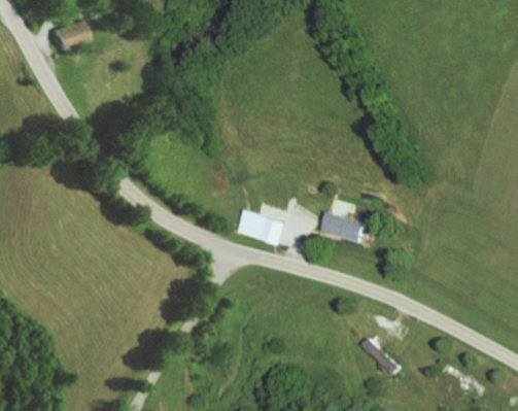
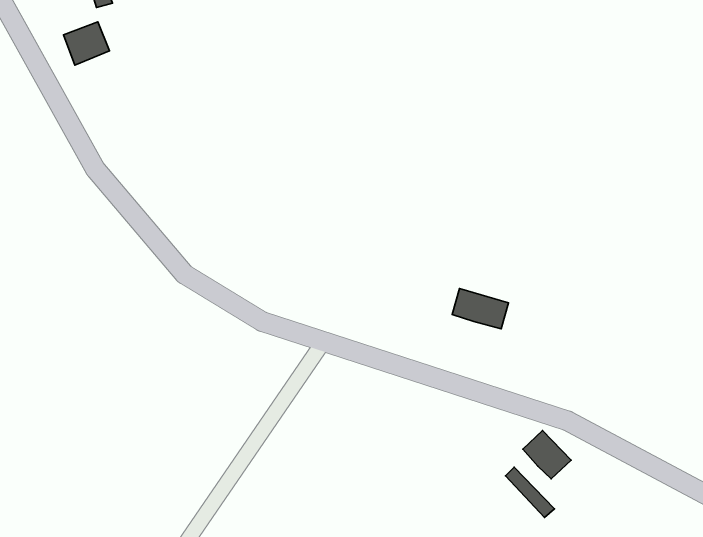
building: [244,211,291,247] -> none
building: none -> [523,430,571,479]

